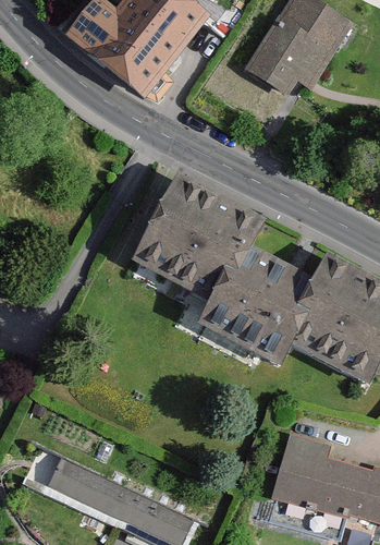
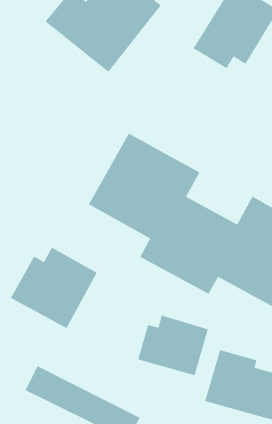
building: none -> [10,246,98,329]
building: none -> [137,315,209,376]

